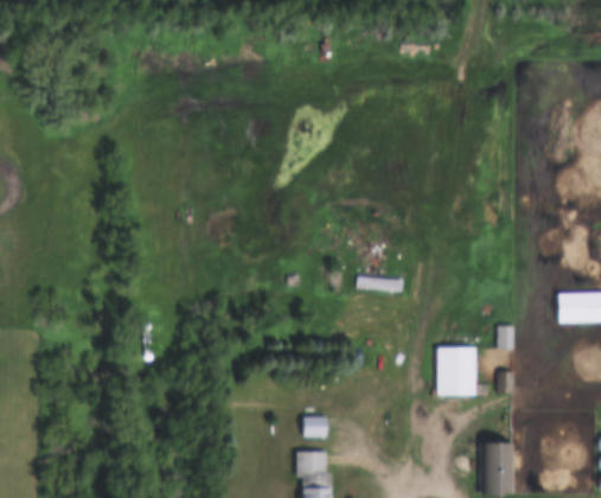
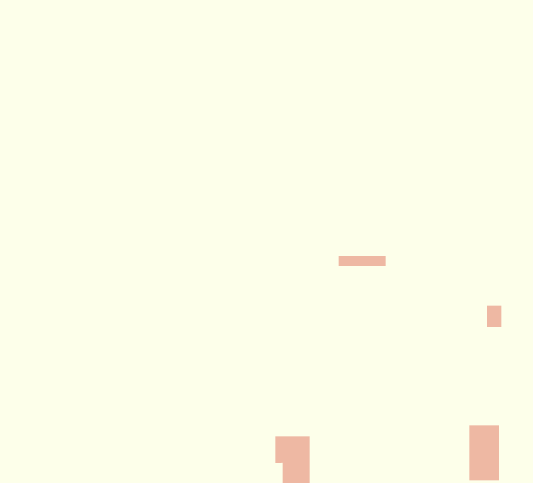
building: [437,347,475,395] -> none
building: [303,416,328,436] -> none

